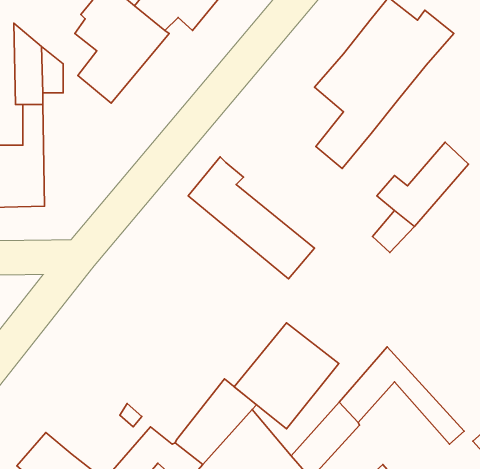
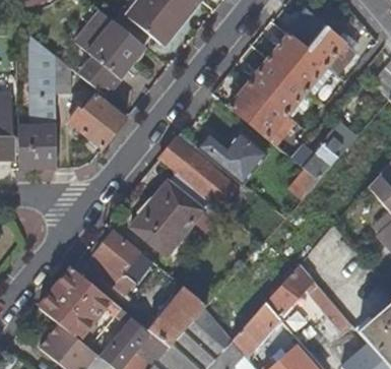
building: none -> [227,82,267,124]
building: none -> [70,94,126,146]
building: none -> [197,131,264,182]
building: none -> [86,231,140,294]
building: [234,323,339,429] -> [129,182,202,256]
building: none -> [39,267,110,340]

